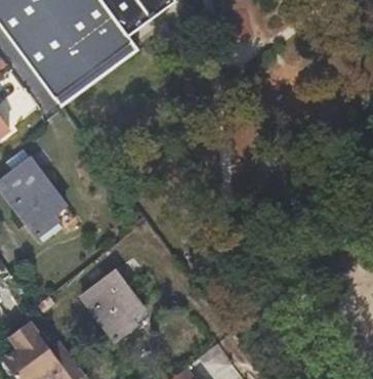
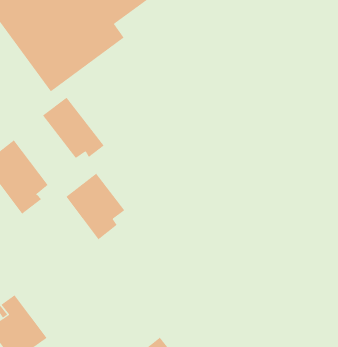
building: none -> [42,97,105,159]
building: [79,269,142,341] -> [66,173,125,240]

